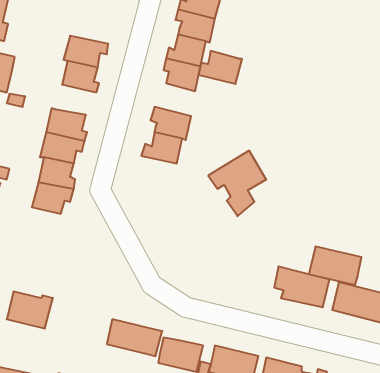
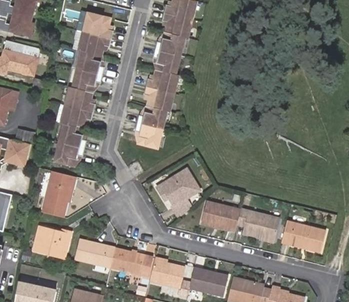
building: none -> [82,13,113,38]
building: [199,51,242,84] -> [146,68,179,93]
building: none -> [71,69,102,92]
building: [208,151,266,216] -> [155,167,199,217]
building: none -> [134,123,163,148]
building: none -> [43,172,74,216]
building: [309,247,362,286] -> [200,200,240,230]
building: none -> [74,239,114,266]

